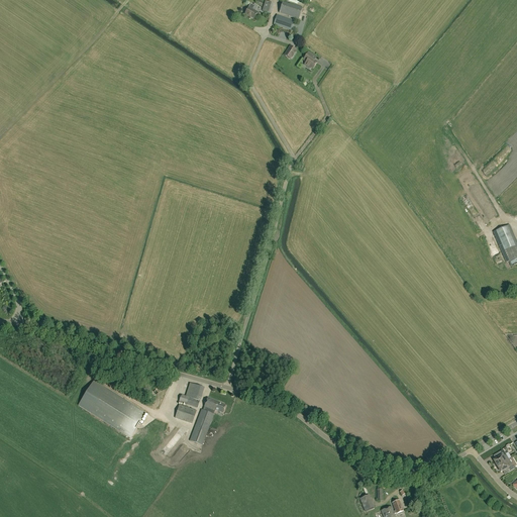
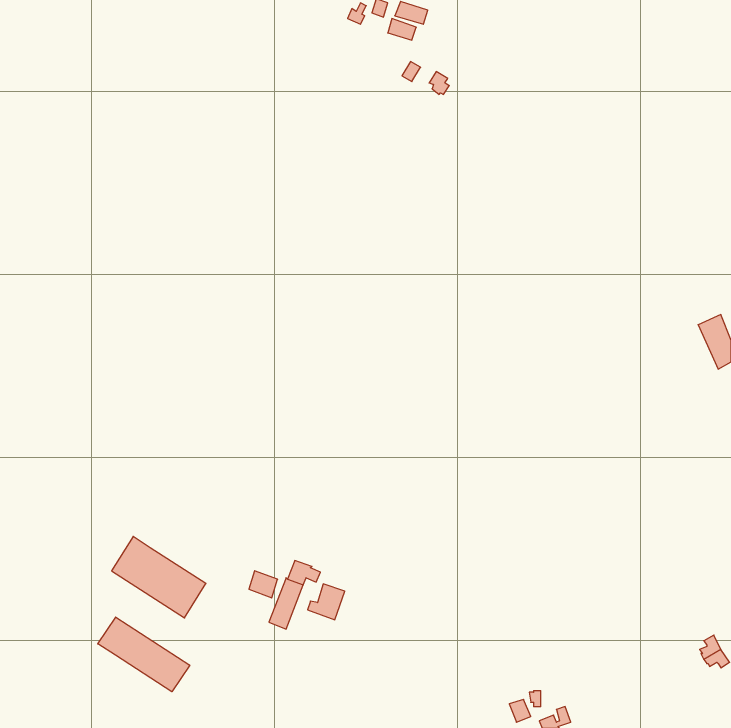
building: [179,382,205,407] -> [308,584,345,620]
building: none -> [98,617,190,692]

